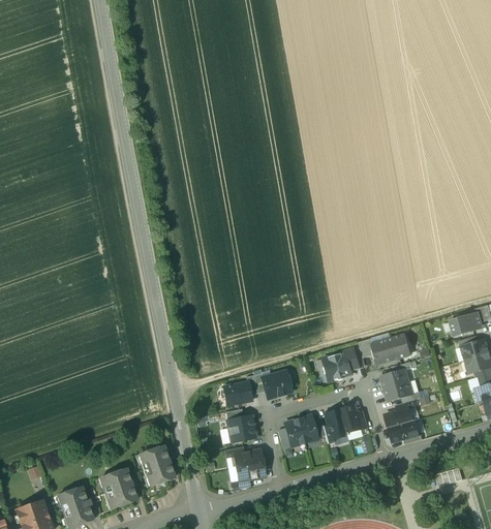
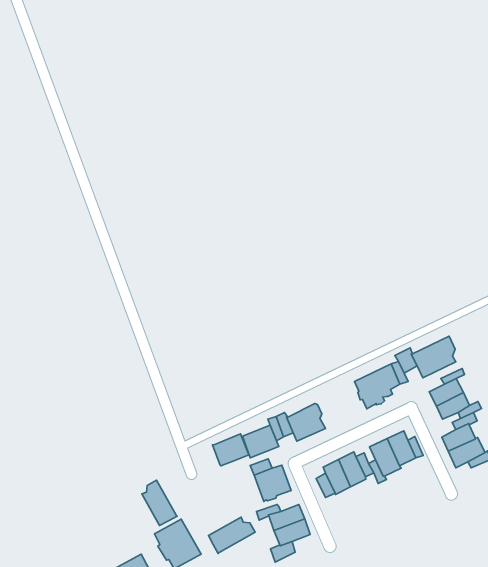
building: none -> [212,434,249,466]
building: none -> [142,480,177,526]
building: none -> [208,517,255,553]

